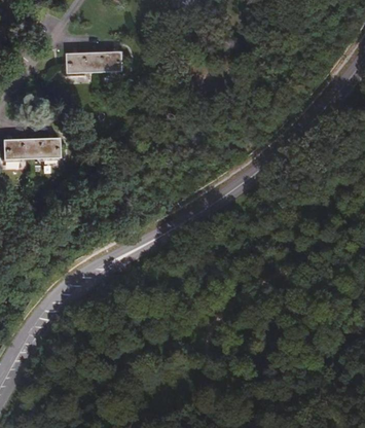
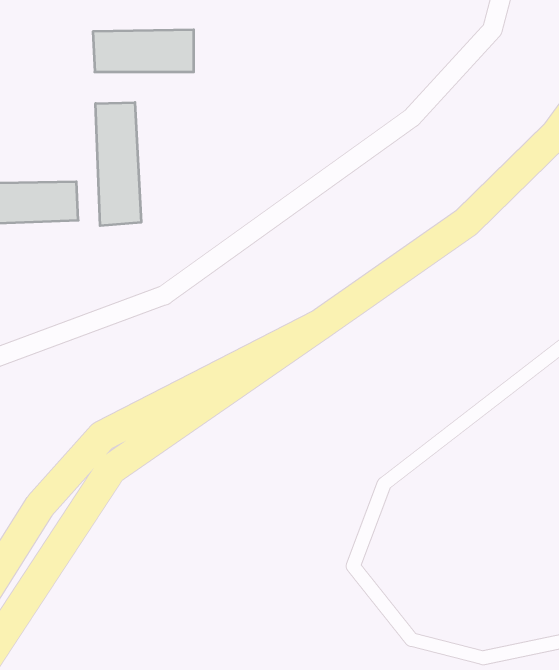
building: none -> [96,102,141,226]

